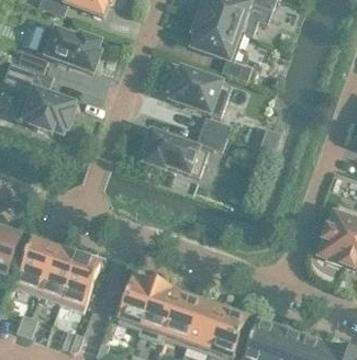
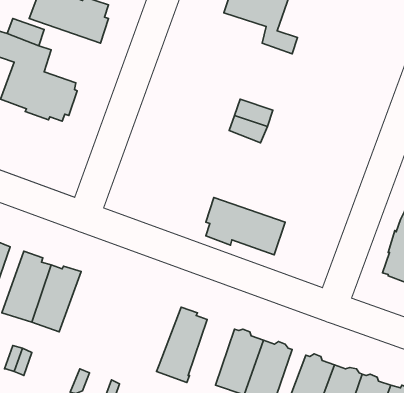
building: [169,67,231,116] -> none
building: [144,130,208,176] -> [206,197,285,255]
building: [59,254,99,311] -> none
building: [113,275,157,328] -> none
building: [163,292,200,345] -> none

